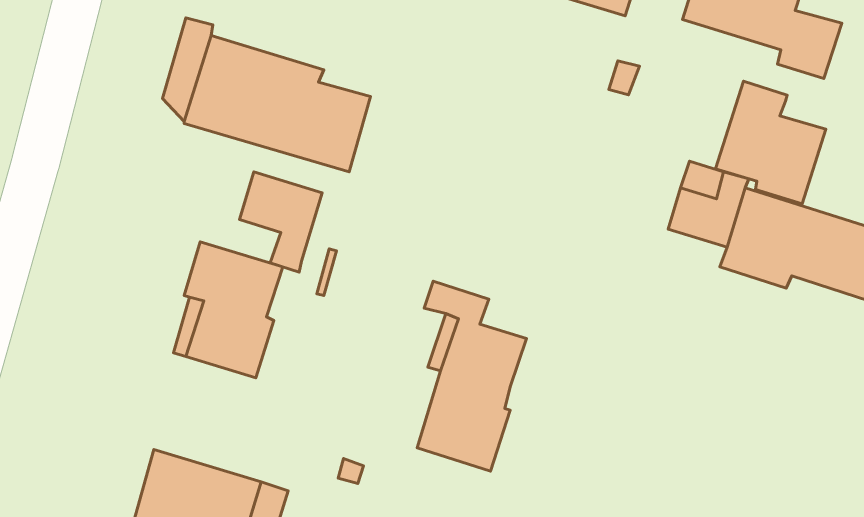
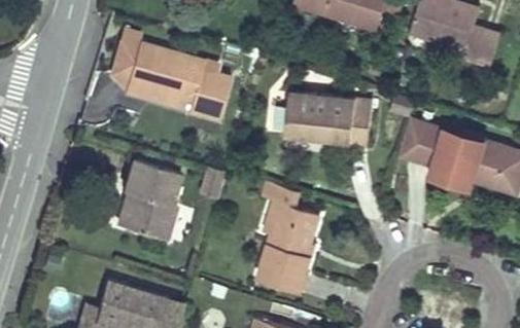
building: [716,81,826,204] -> none
building: none -> [285,92,373,145]
building: [239,172,322,272] -> none

